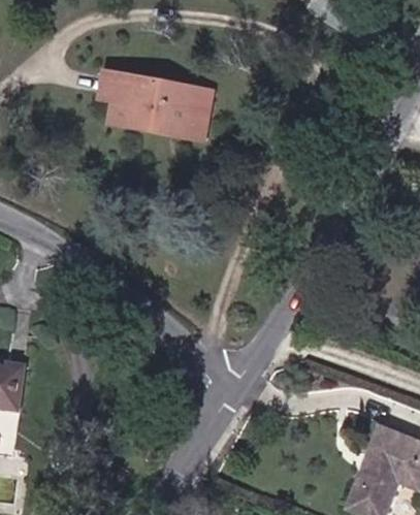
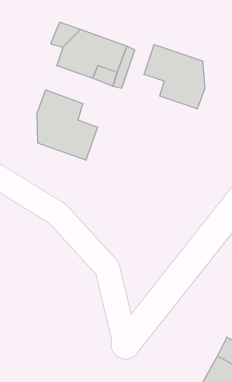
building: none -> [144,45,205,109]
building: none -> [37,90,98,160]

